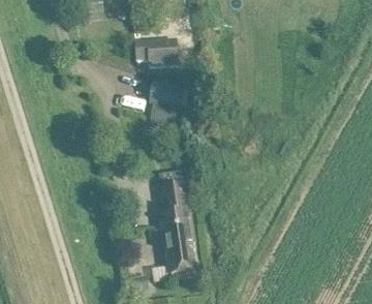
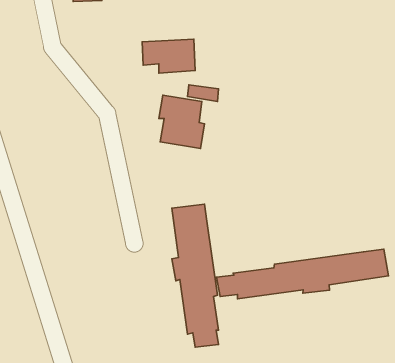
building: none -> [217,249,388,299]

